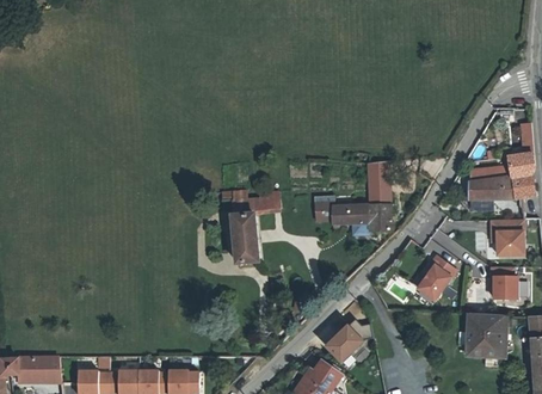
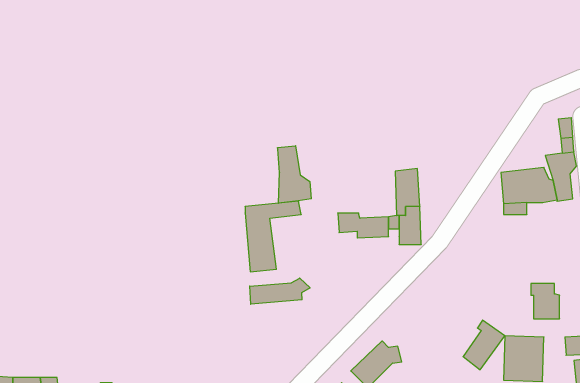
building: none -> [278,146,311,203]
building: [491,220,525,257] -> none
building: [417,257,455,302] -> [463,320,505,370]
building: none -> [250,278,310,304]

